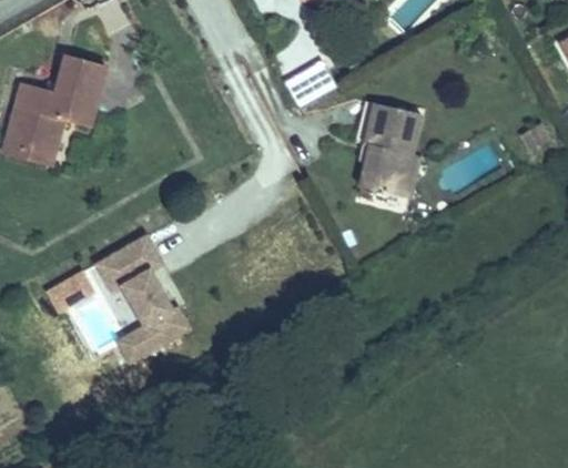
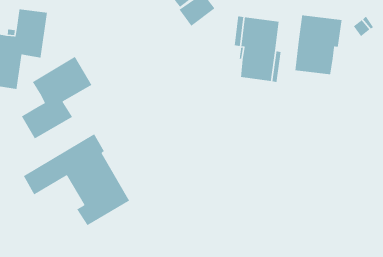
building: none -> [295,14,342,75]
building: none -> [21,56,92,140]

